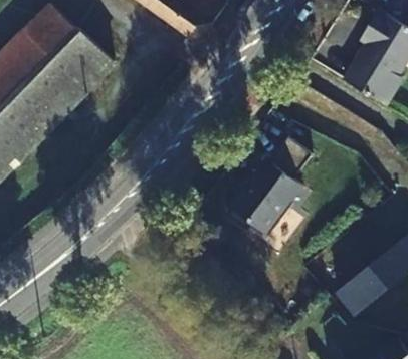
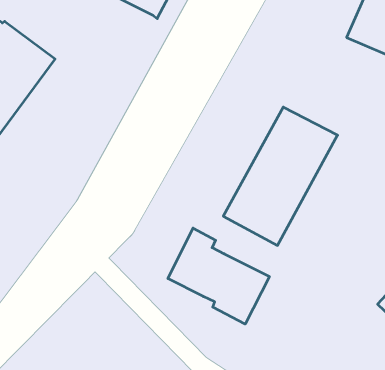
building: none -> [168,228,269,324]

